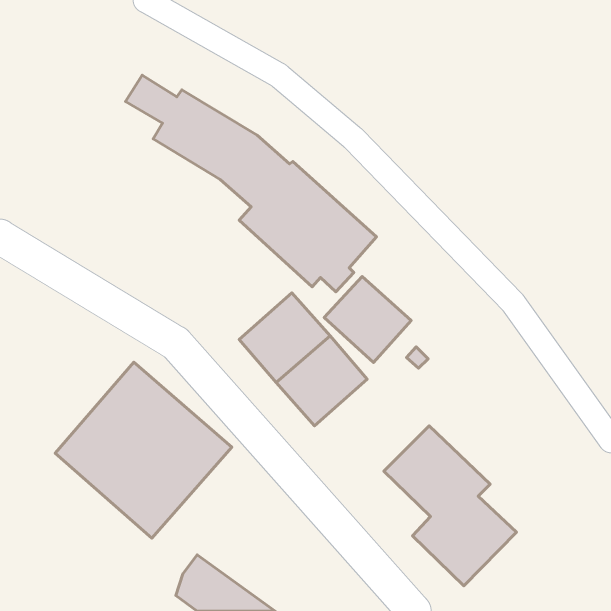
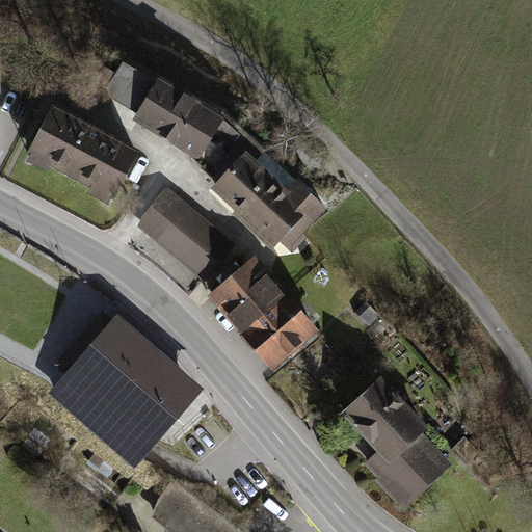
building: none -> [26,103,139,200]
building: none -> [136,188,235,281]
building: [324,277,411,363] -> none

